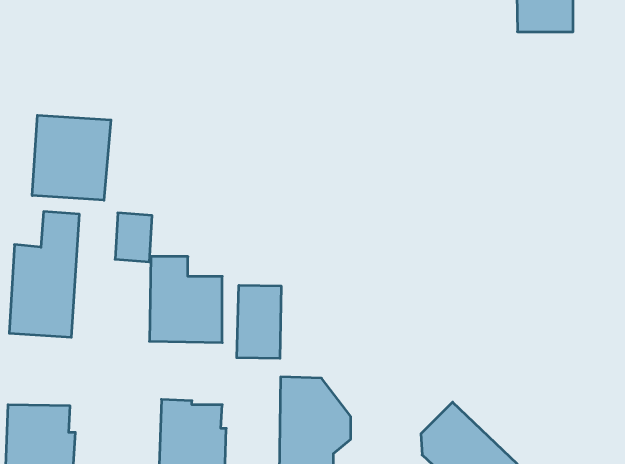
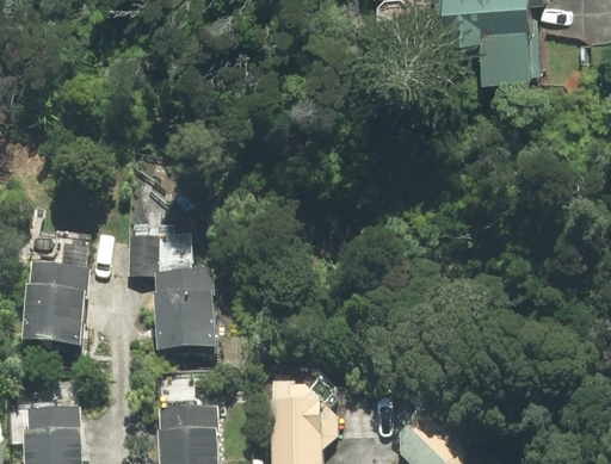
building: [32,115,111,200] -> none
building: [237,285,281,358] -> none

